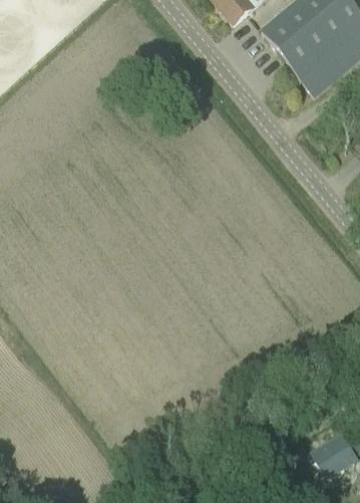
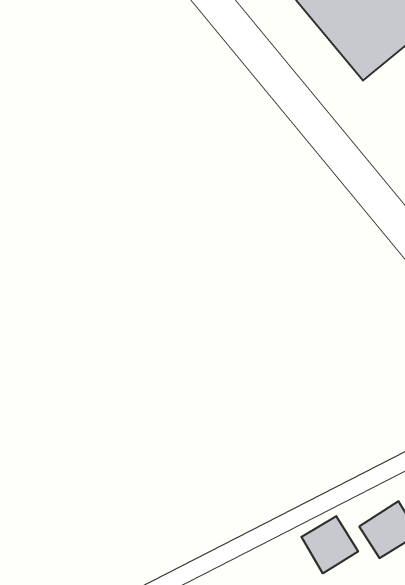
building: none -> [301,516,358,573]

